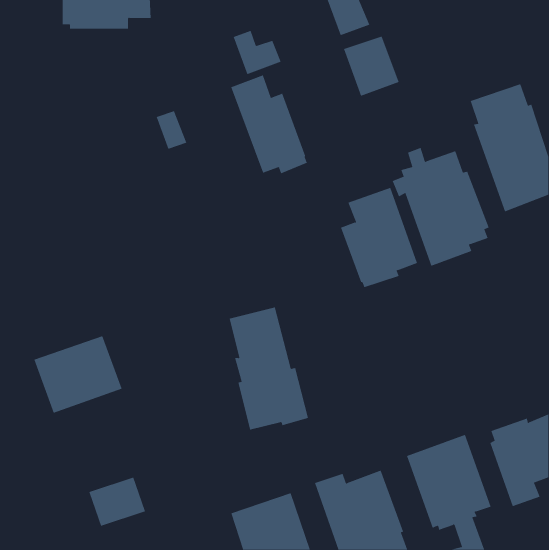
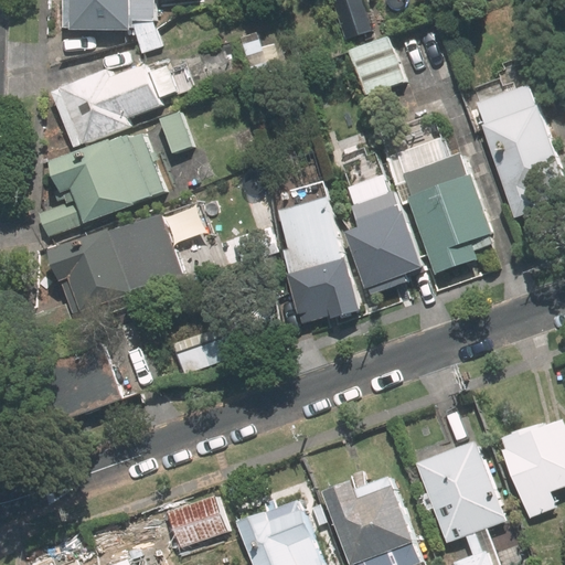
building: none -> [52,62,177,143]
building: [230,74,307,174] -> none
building: none -> [39,131,167,235]
building: none -> [52,215,188,317]
building: [229,307,309,430] -> [279,196,361,322]
building: [88,477,146,527] -> [166,494,224,545]

